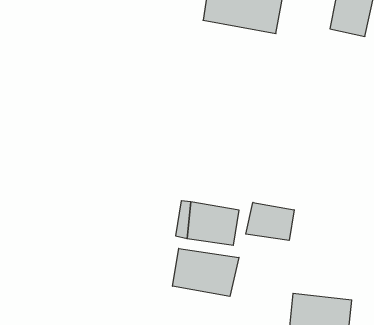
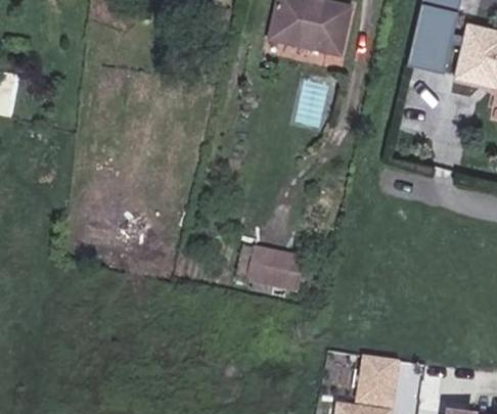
building: [246,202,294,240] -> none
building: [173,248,239,296] -> none

